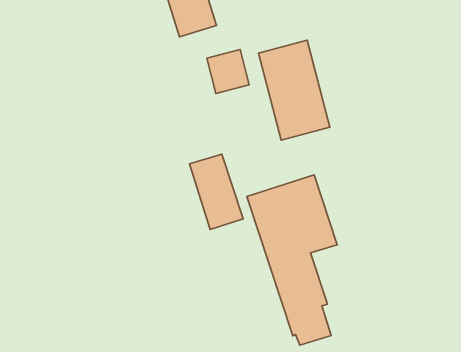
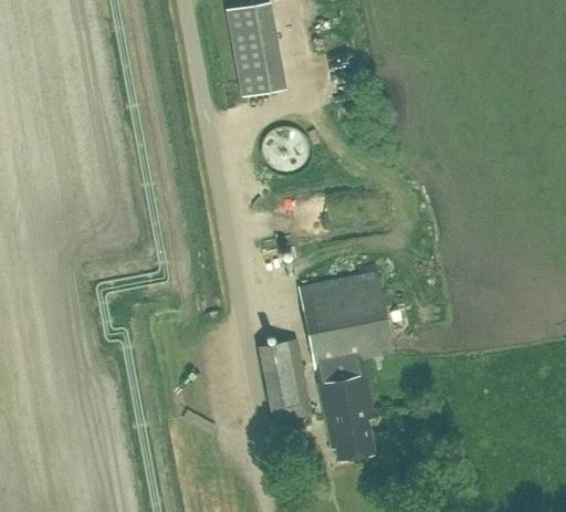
building: [259,40,330,140] -> none
building: [189,154,243,230] -> [259,338,312,421]

